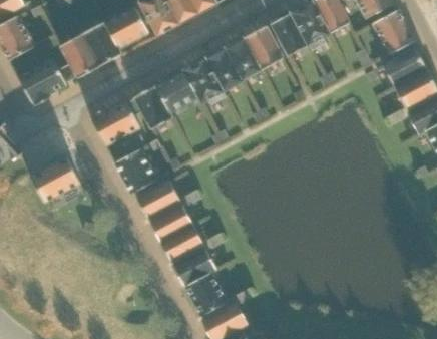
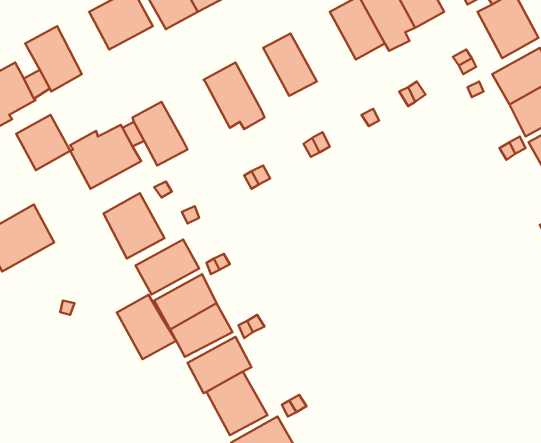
building: [82,21,121,65] -> none
building: [244,25,284,70] -> none
building: [205,47,243,90] -> none
building: [154,70,198,111] -> none
building: none -> [16,115,70,170]
building: none -> [117,295,176,359]

